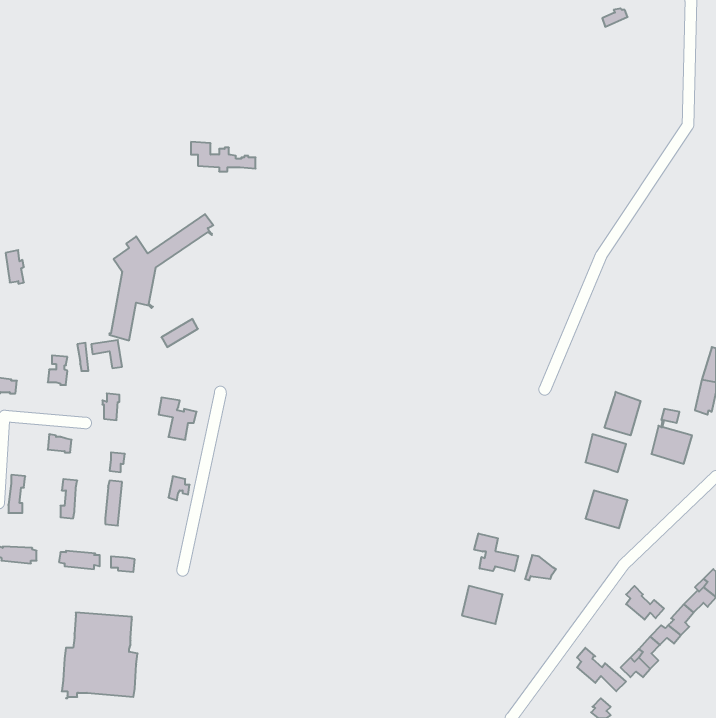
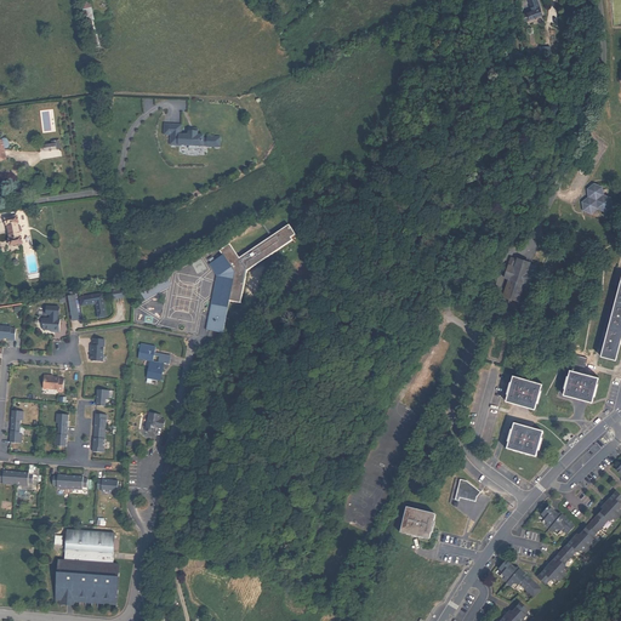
building: none -> [582,182,613,212]
building: [109,214,213,340] -> [205,224,295,334]
building: none -> [502,257,534,300]
building: [605,392,641,435] -> none
building: [474,533,518,571] -> none

